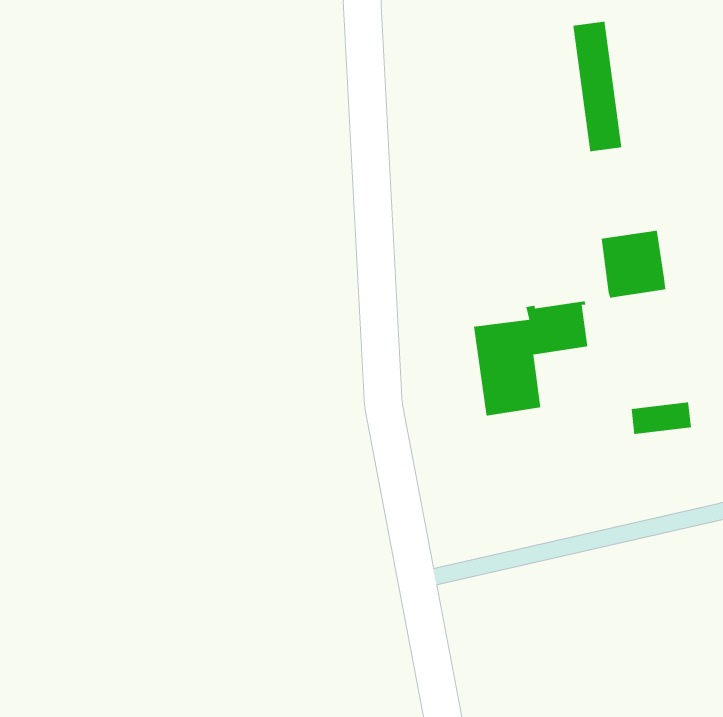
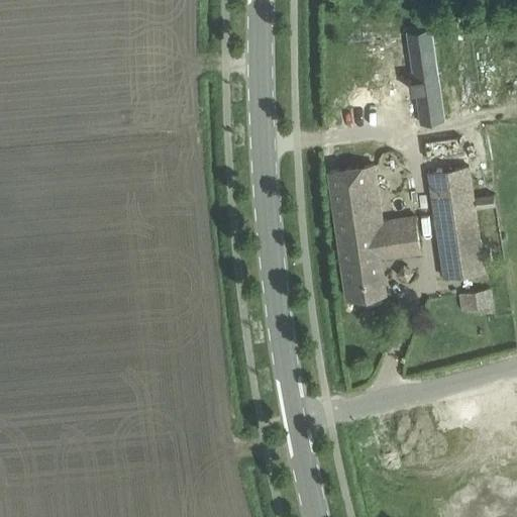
building: none -> [327,169,381,238]
building: none -> [433,212,484,282]

